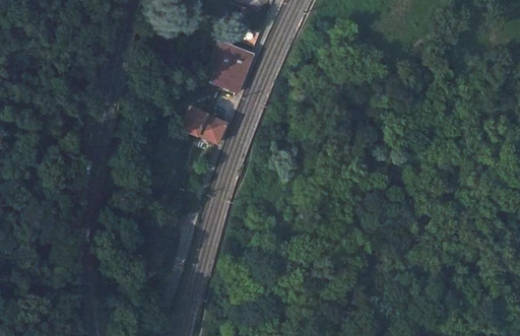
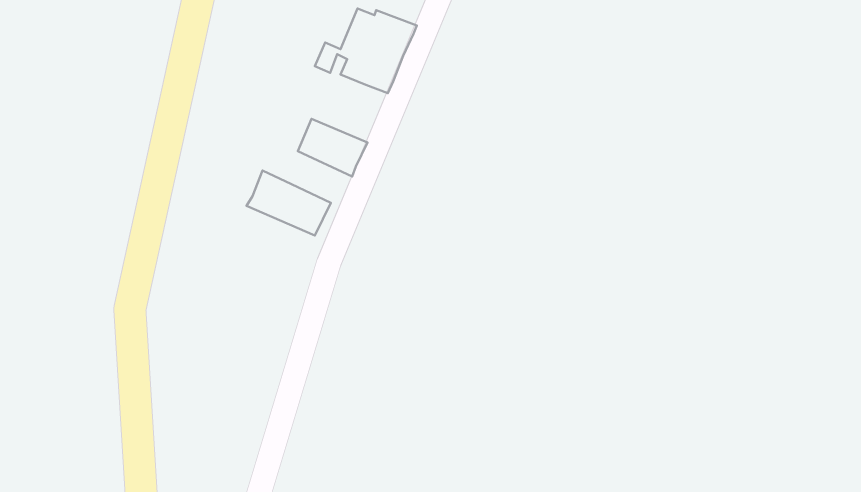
building: none -> [247,170,331,235]

